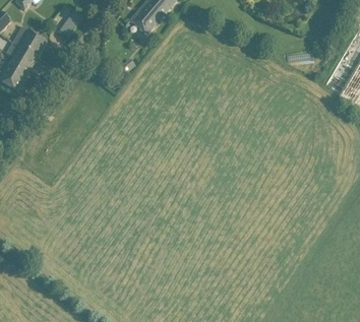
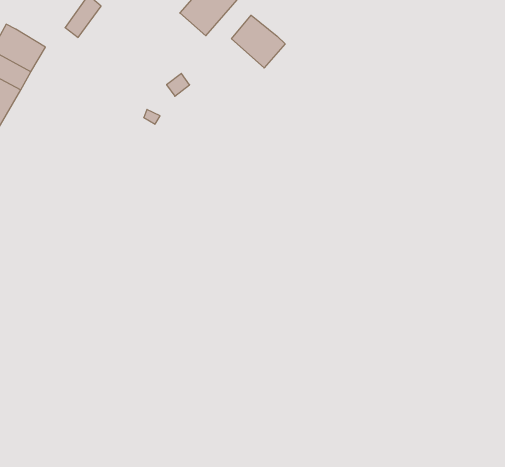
building: none -> [232,15,285,68]

